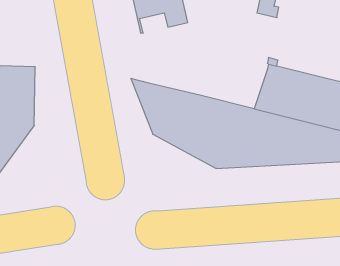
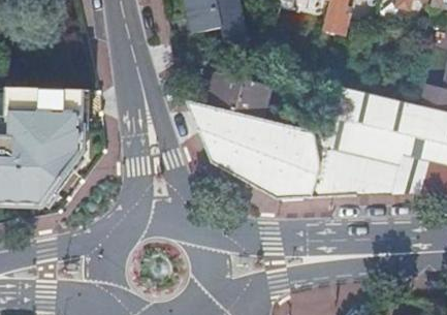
building: none -> [206,71,272,118]

